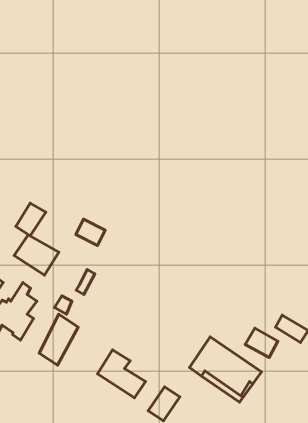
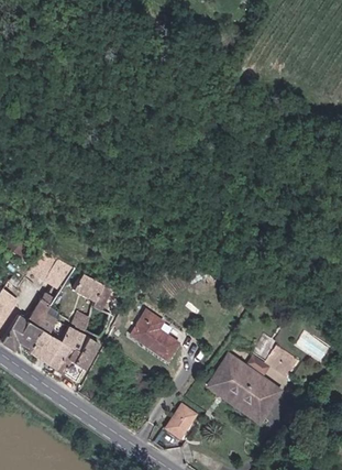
building: [16,203,46,236] -> none
building: [76,219,105,245] -> [75,274,104,300]
building: none -> [37,325,76,370]
building: [97,350,145,398] -> [133,311,181,360]

